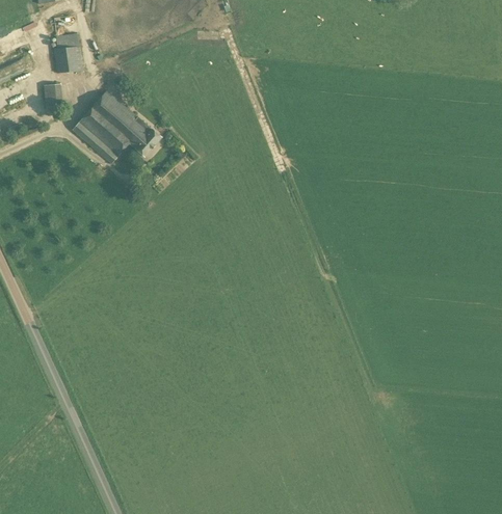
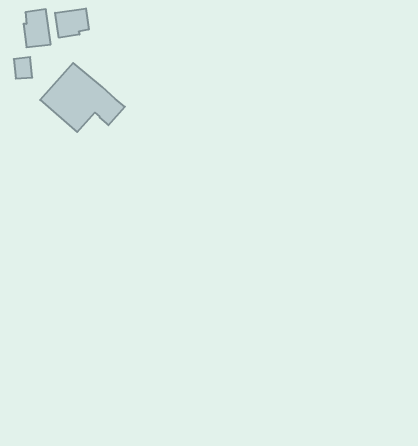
building: none -> [55,8,89,38]

